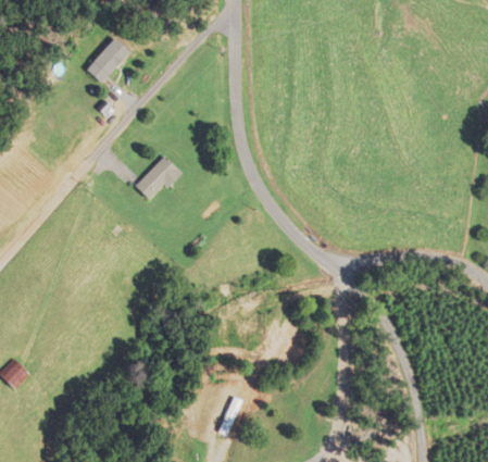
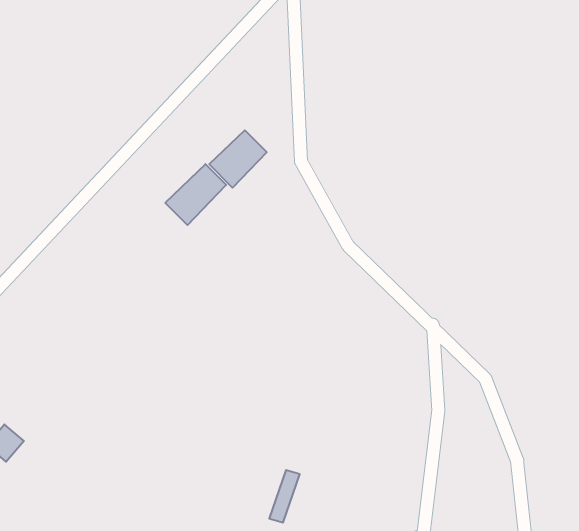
building: [85,37,130,83] -> none
building: none -> [209,130,267,188]

